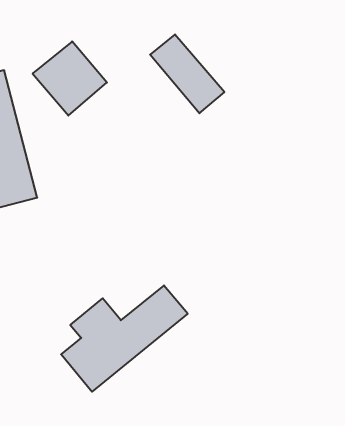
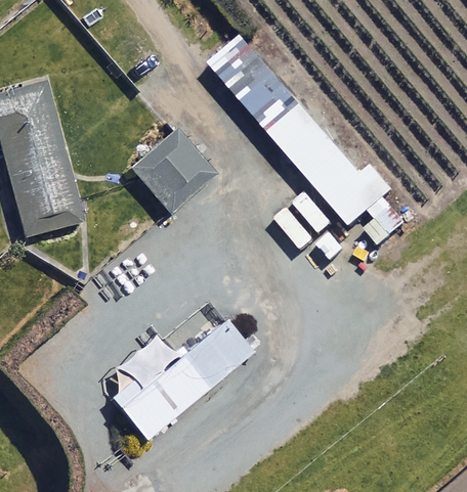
building: [33,41,107,116] -> [131,130,214,213]
building: none -> [271,110,393,226]

